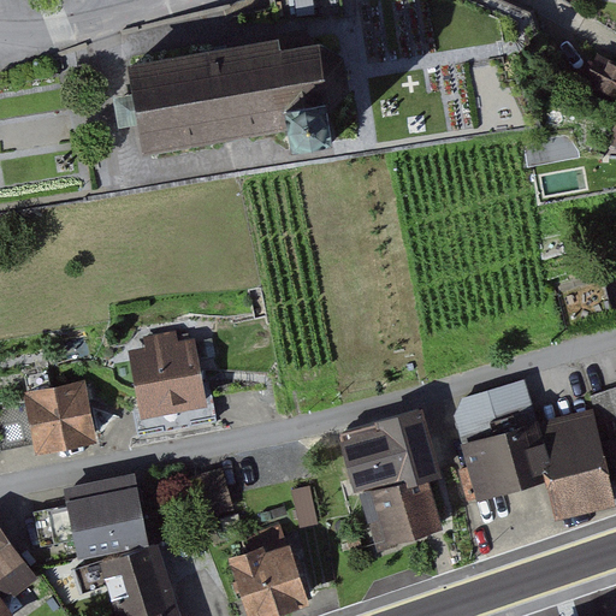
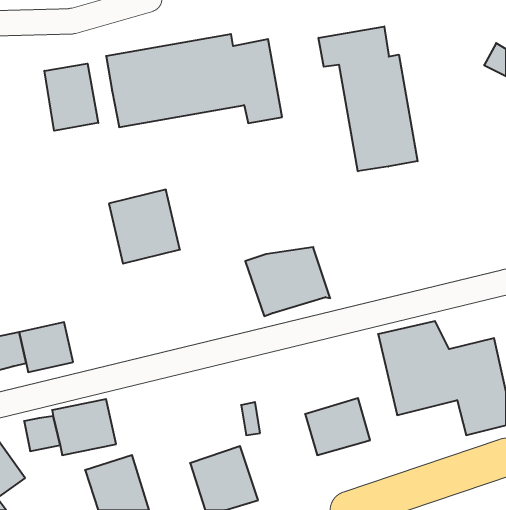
building: none -> [319,26,418,171]
building: none -> [44,64,98,131]
building: [125,330,211,419] -> [109,190,180,264]
building: [334,419,437,502] -> [245,247,330,316]

